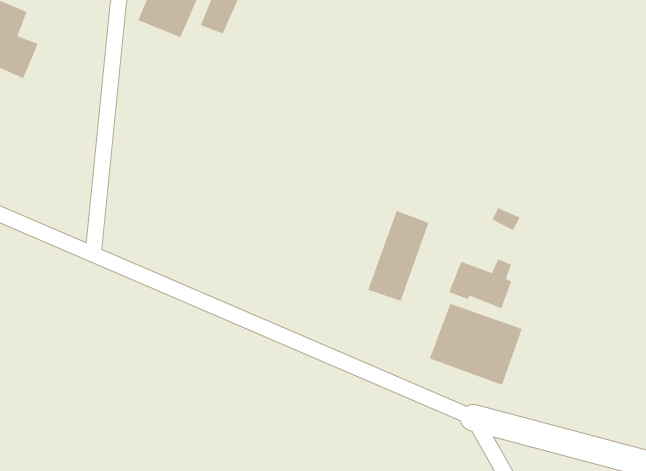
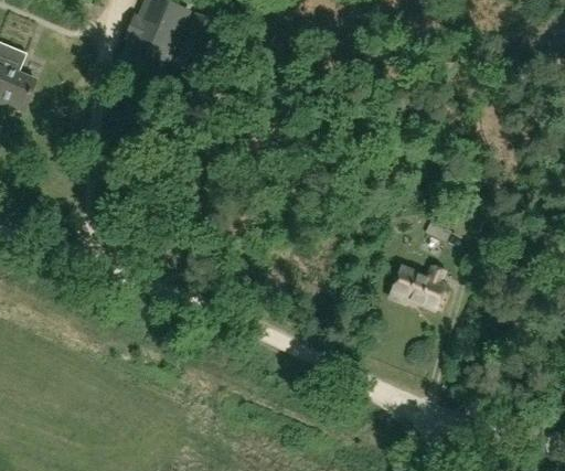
building: [367,210,429,302] -> none
building: [429,303,523,386] -> none

